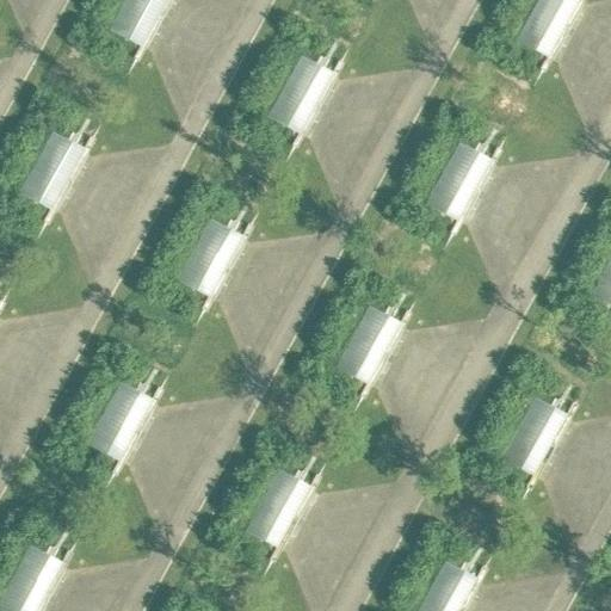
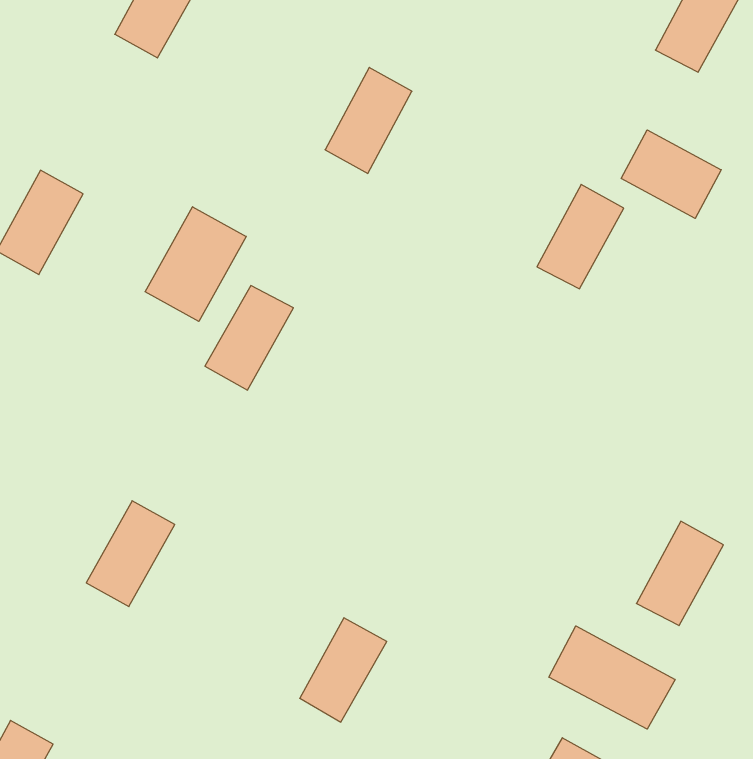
building: none -> [621,130,721,218]
building: none -> [145,207,246,321]
building: [335,304,401,384] -> none
building: none -> [549,626,675,729]

